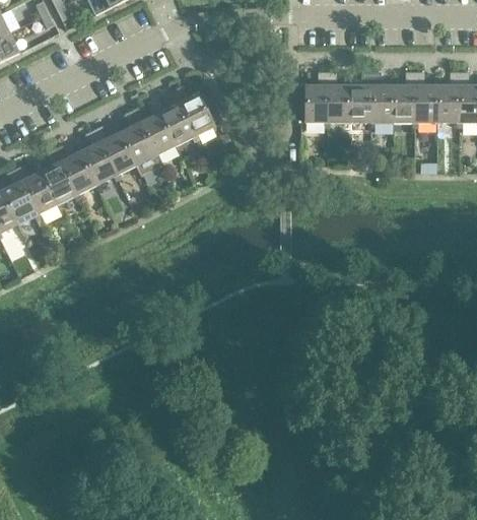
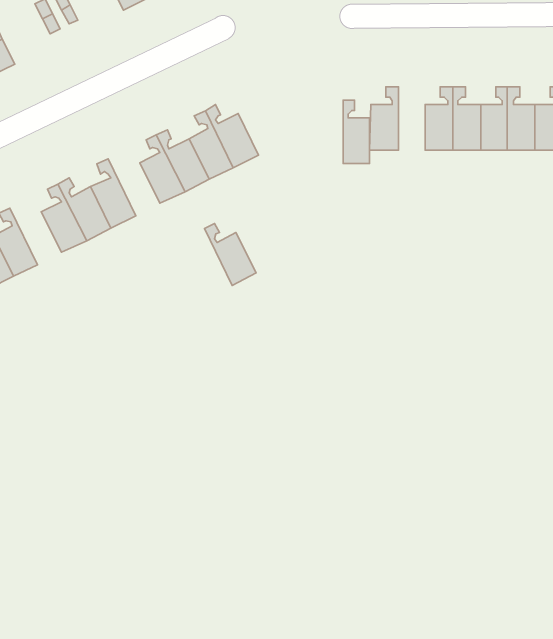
building: [327,71,348,122] -> [343,100,370,163]
building: [93,125,135,175] -> [204,224,256,285]
building: [14,165,56,214] -> none

